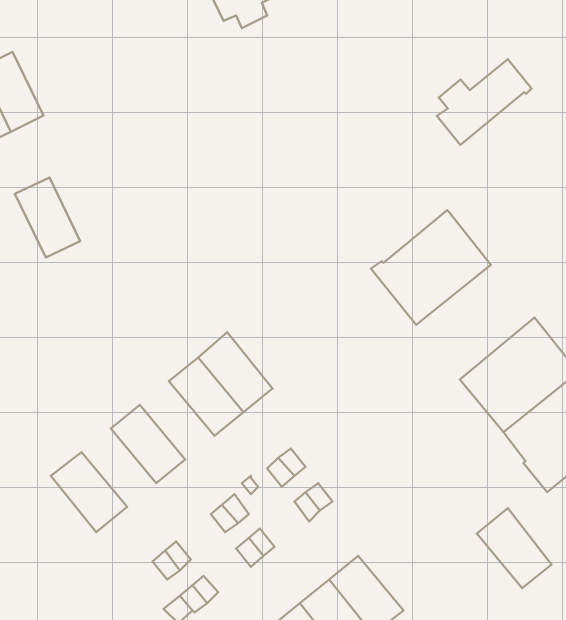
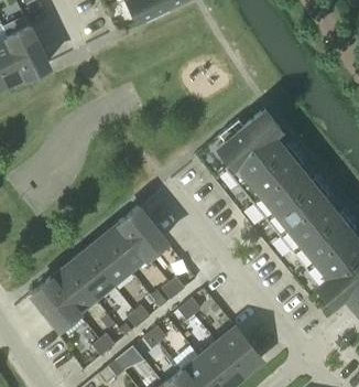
building: [437,59,532,145] -> [219,112,276,164]
building: [15,177,80,258] -> [9,26,48,75]
building: none -> [253,165,325,235]
building: none -> [86,236,131,283]
building: none -> [51,265,96,312]
building: [477,508,551,588] -> [218,326,263,375]

